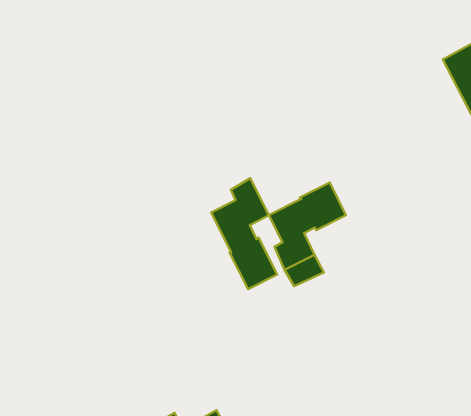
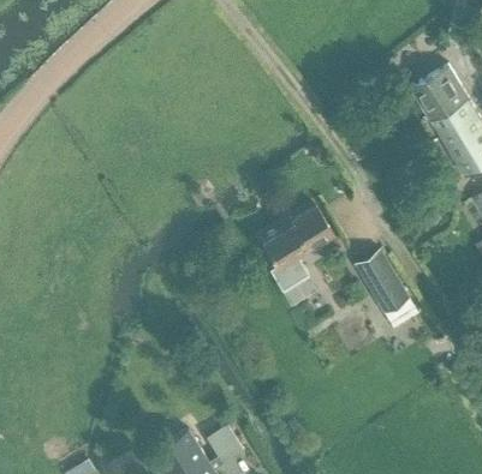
building: [211,178,277,289] -> none
building: none -> [353,252,418,330]

